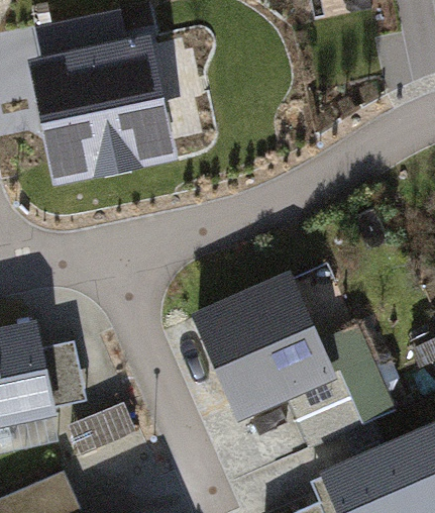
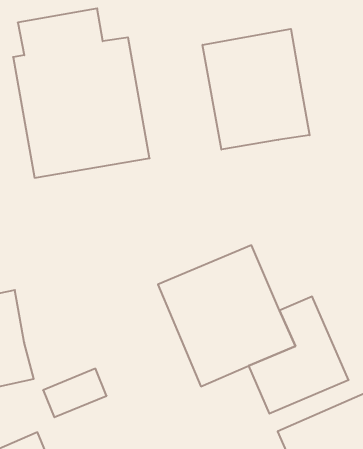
building: none -> [203,29,310,150]

